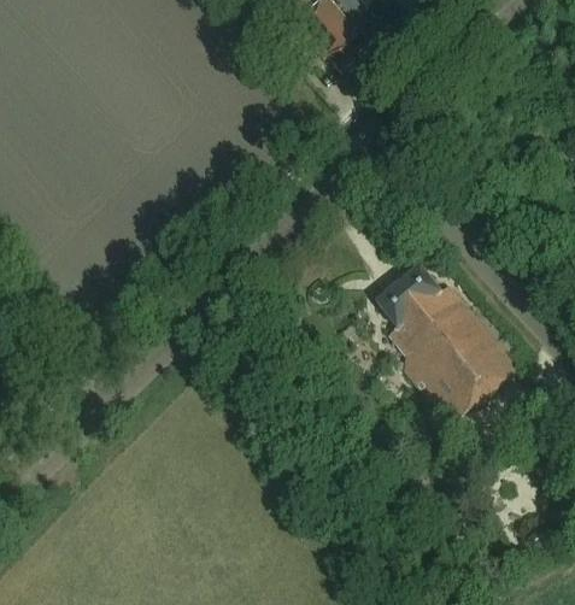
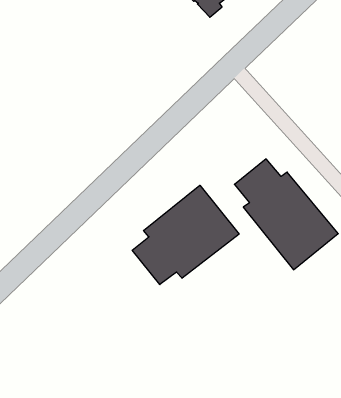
building: none -> [132,185,239,285]

